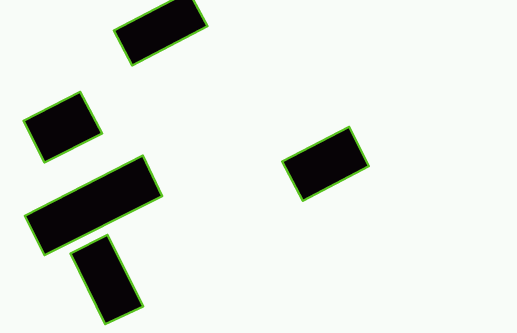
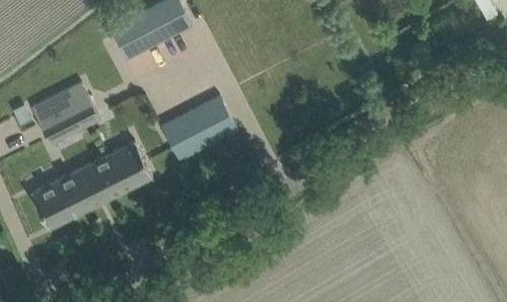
building: [282,127,369,201] -> [161,97,237,162]
building: [70,235,143,324] -> none

